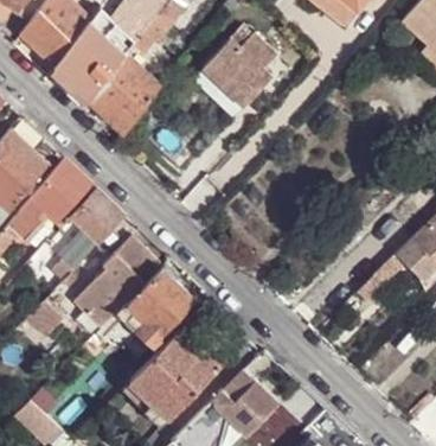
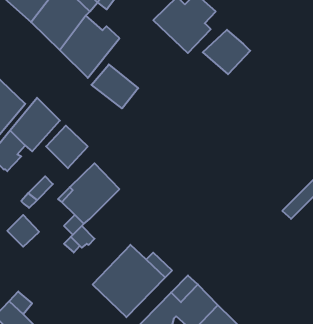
building: none -> [203,30,250,74]
building: none -> [91,64,138,108]
building: [124,268,194,345] -> none

